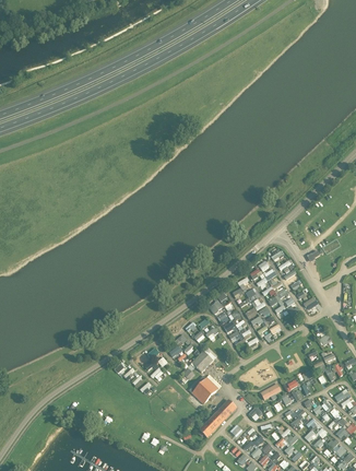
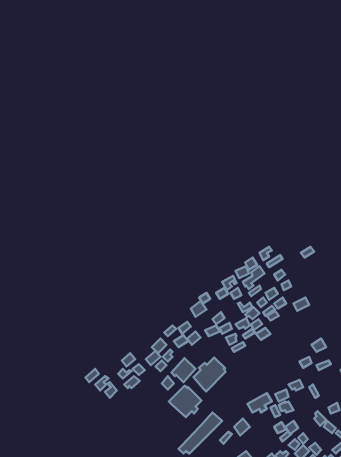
building: none -> [193,357,226,391]

